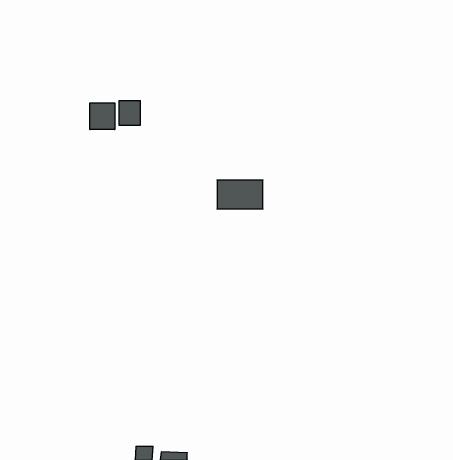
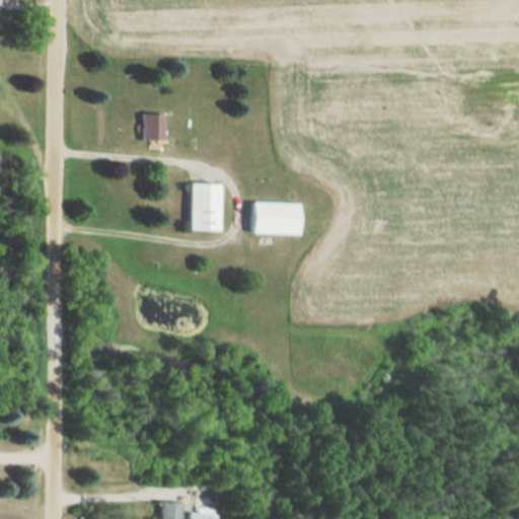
building: [90,103,115,130] -> none
building: none -> [191,183,224,232]

